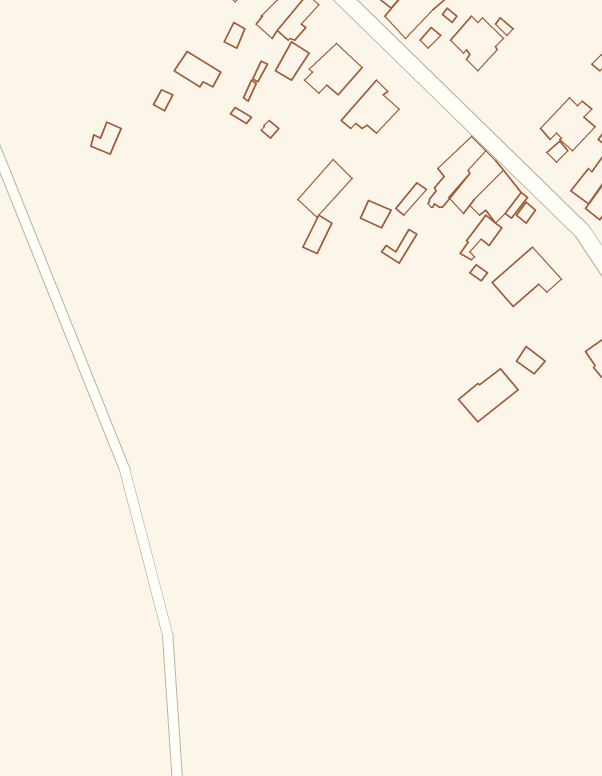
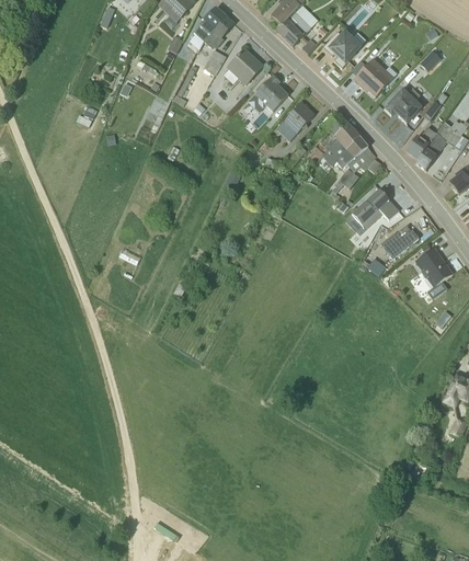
building: none -> [354,57,398,96]
building: [298,159,352,217] -> [277,101,314,140]
building: [459,369,518,422] -> [379,222,420,259]

